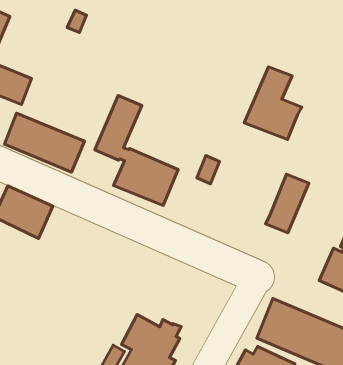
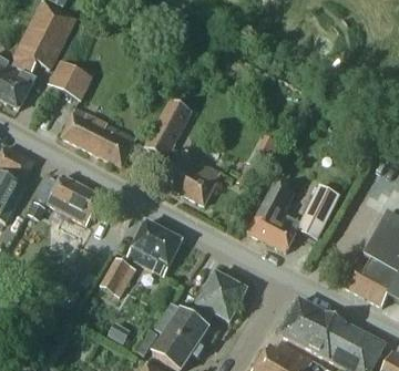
building: [244,67,302,140] -> [246,182,300,250]
building: none -> [126,220,182,275]
building: none -> [100,258,135,296]
building: none -> [194,271,246,321]

